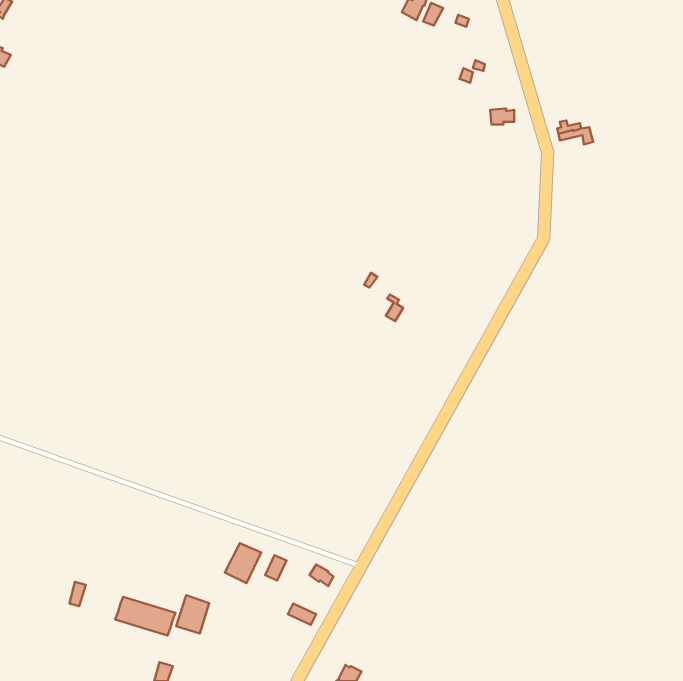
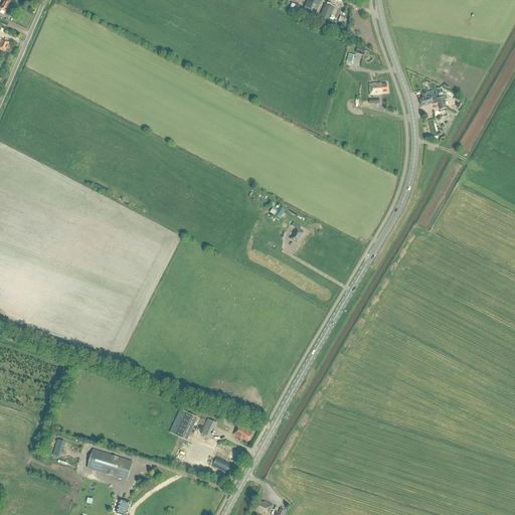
building: [176,595,209,633] -> none

